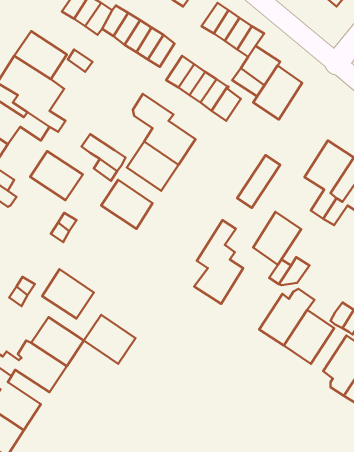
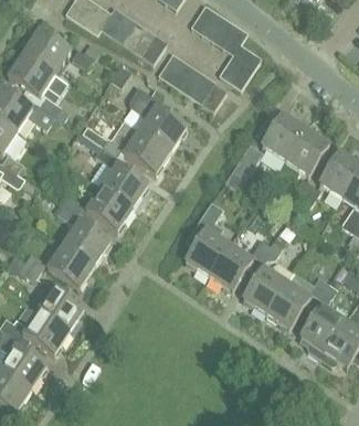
building: [253,66,302,120] -> [261,113,305,161]
building: [30,151,83,200] -> [85,187,133,231]
building: [253,212,301,265] -> [209,243,252,290]
building: [84,315,135,364] -> [63,221,109,265]

